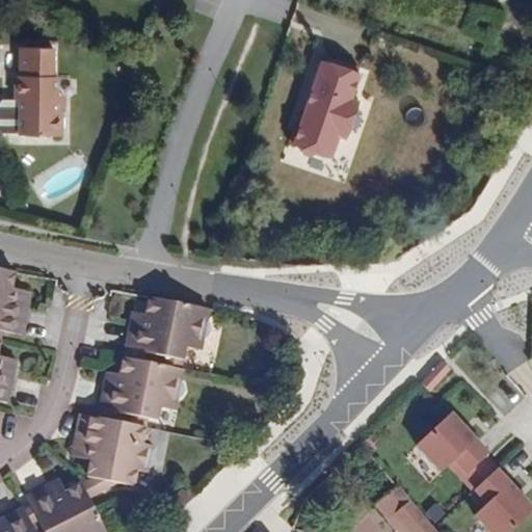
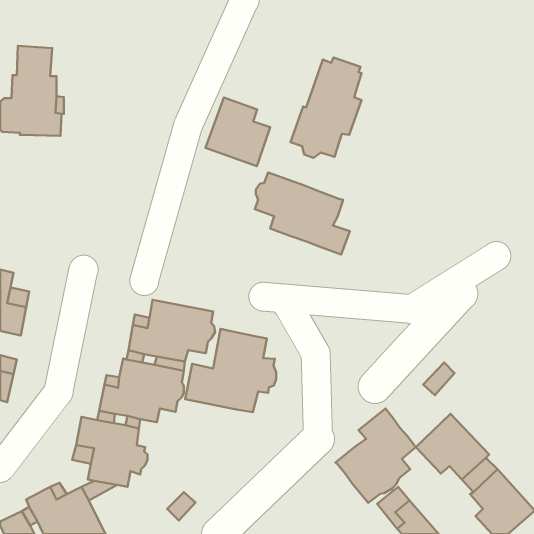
building: none -> [205,98,270,166]
building: none -> [255,173,350,255]
building: none -> [185,329,276,412]
building: none -> [336,409,416,503]

